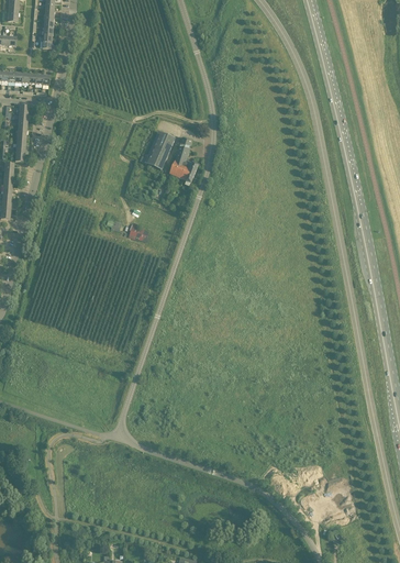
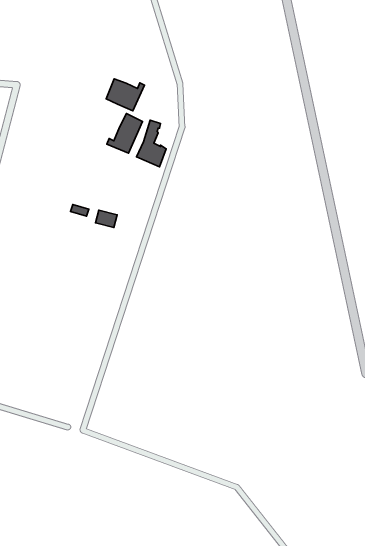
building: none -> [106,79,145,111]

